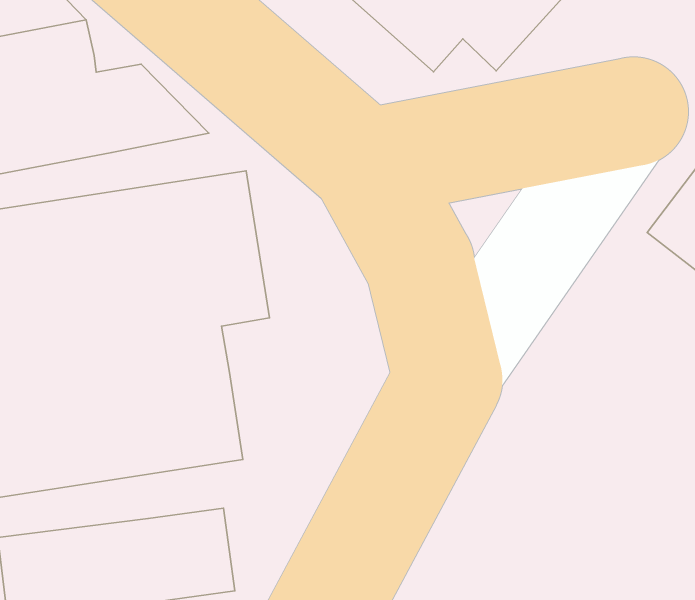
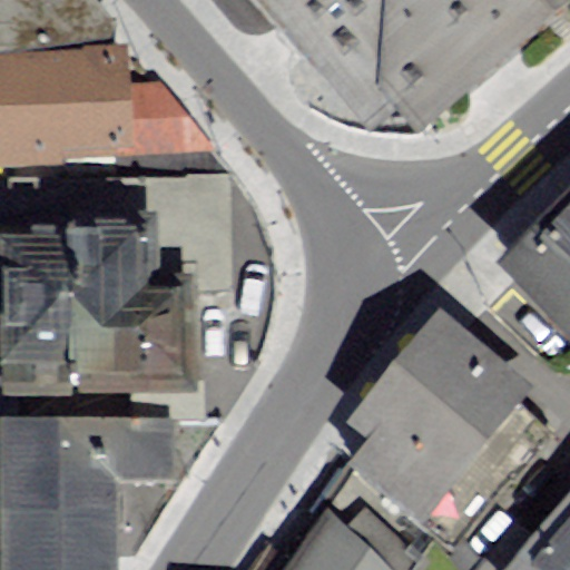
building: none -> [354,324,519,518]

